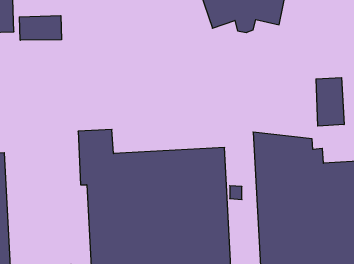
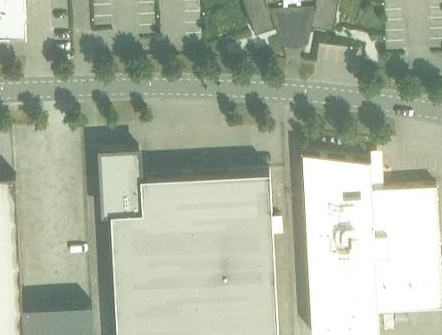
building: [19,16,61,40] -> none
building: [316,78,344,126] -> none

